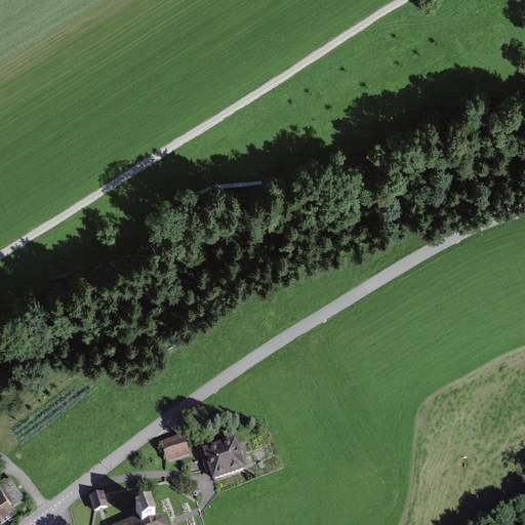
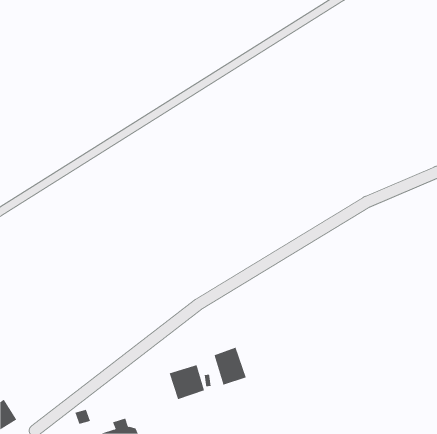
building: none -> [214,347,246,385]
building: [160,433,190,459] -> none

